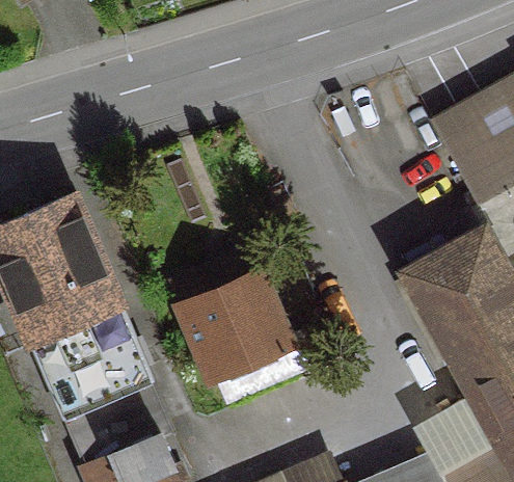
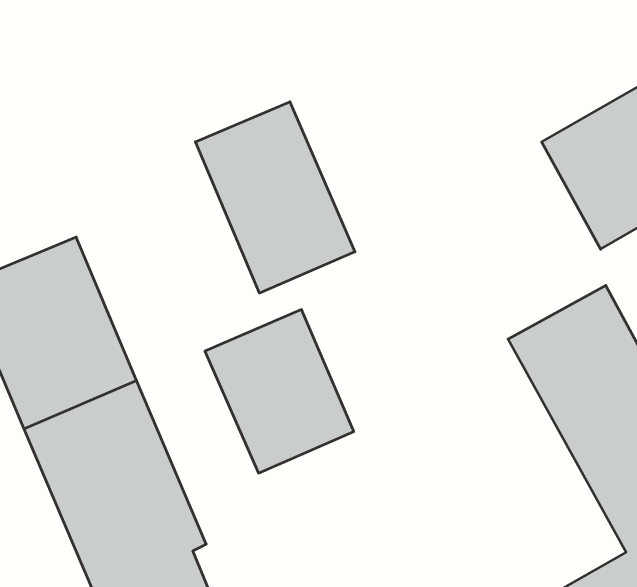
building: none -> [195,102,355,293]

